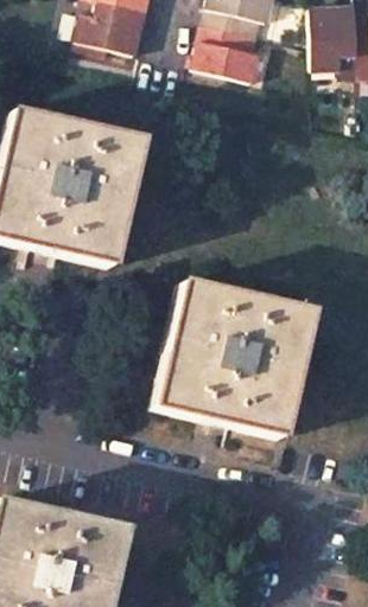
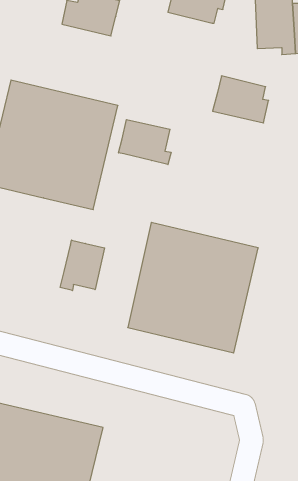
building: [198,25,266,82] -> [213,76,269,123]
building: none -> [119,120,171,165]
building: none -> [60,240,105,291]

